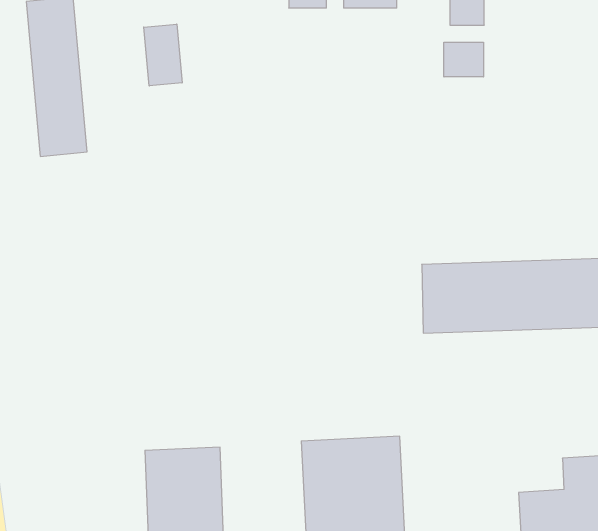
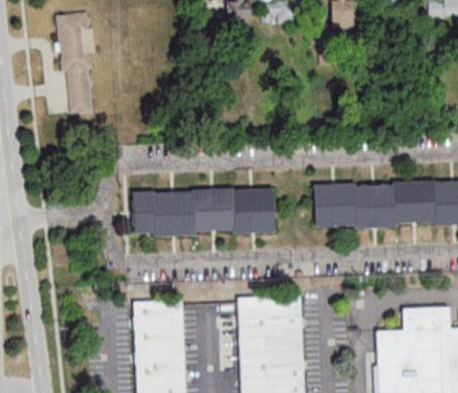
building: [144,24,182,86] -> none
building: [444,42,483,77] -> none
building: none -> [133,187,274,235]

